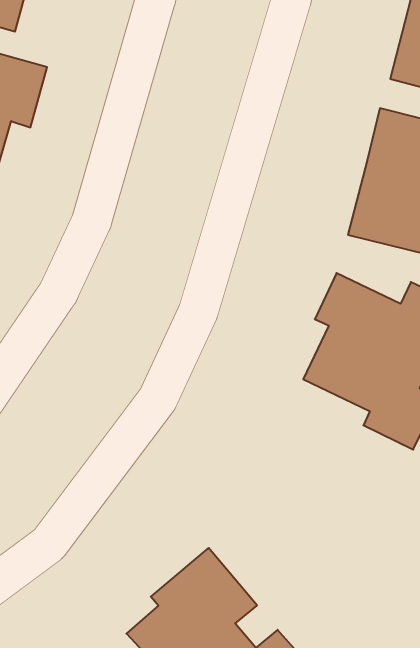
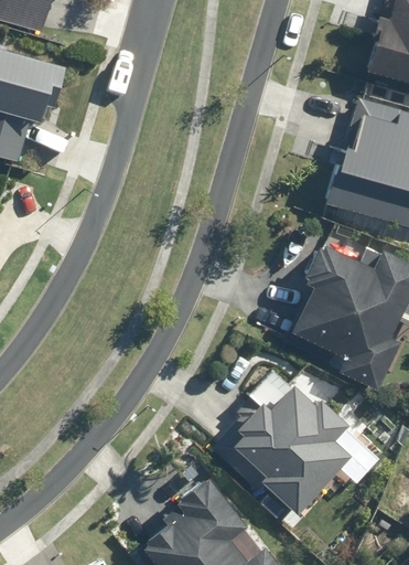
building: none -> [218,365,349,516]

